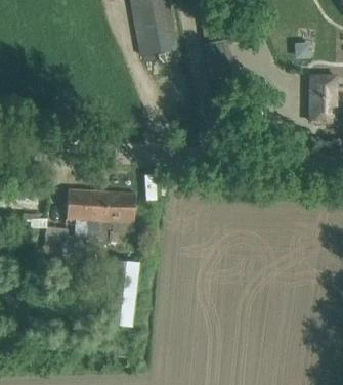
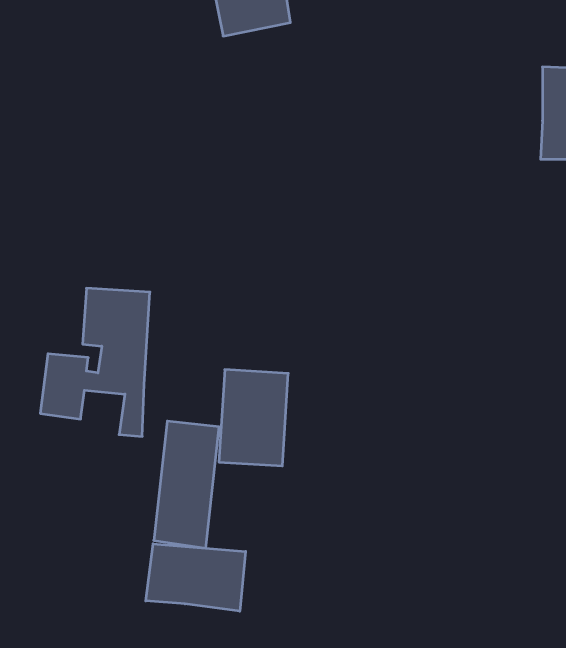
building: [98,190,135,242] -> [219,370,288,466]
building: none -> [146,544,246,611]

